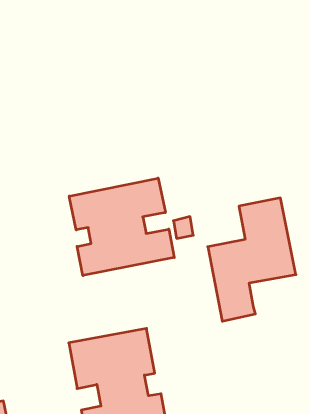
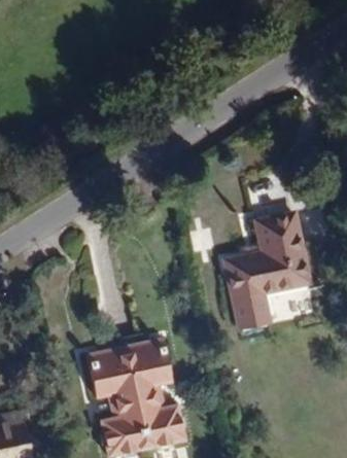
building: [69,178,174,276] -> none

